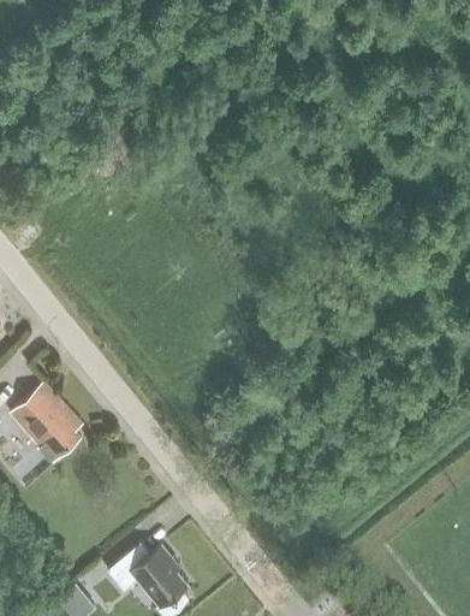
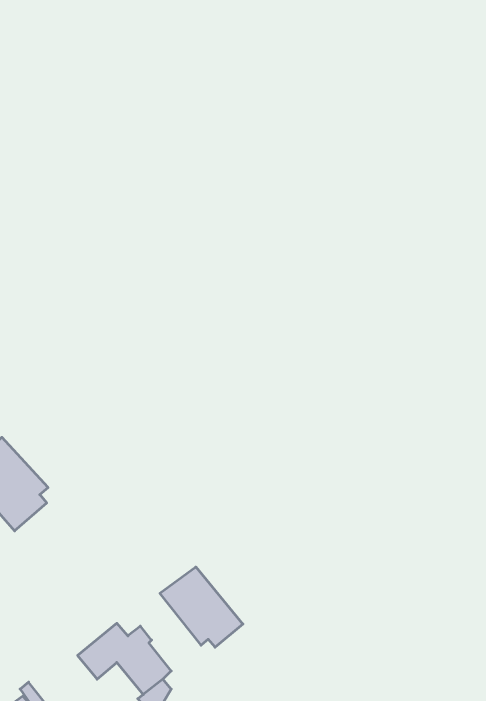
building: none -> [160,567,243,647]

